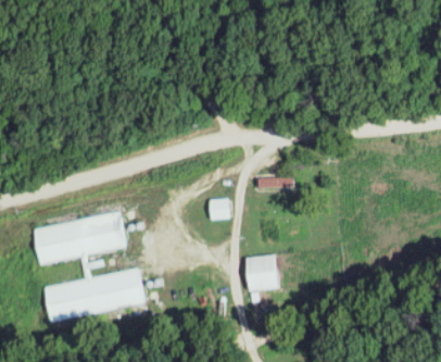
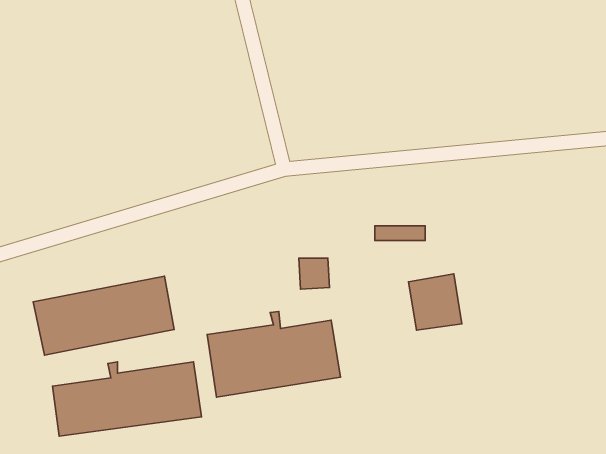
building: none -> [207,311,341,397]
building: [244,254,280,292] -> [408,274,462,330]

